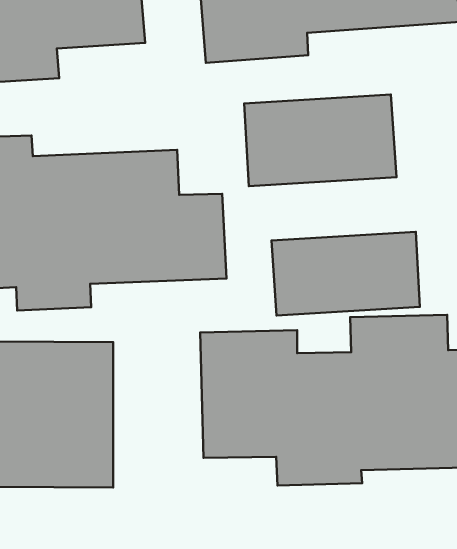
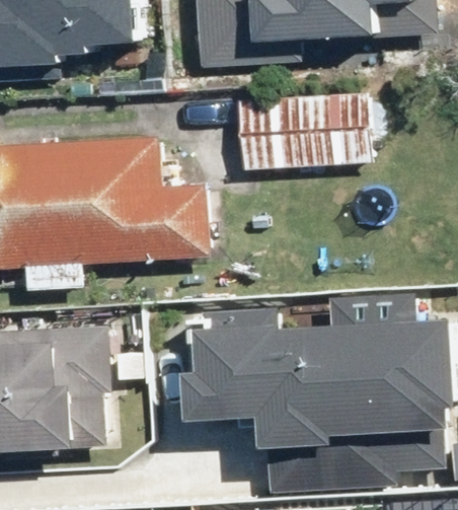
building: [272,232,420,315] -> none

